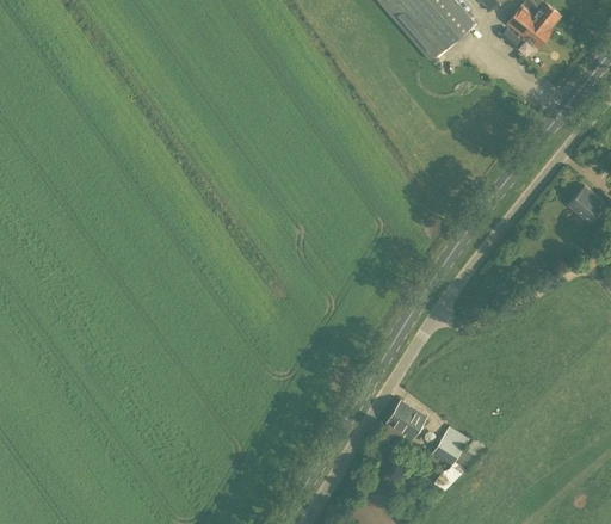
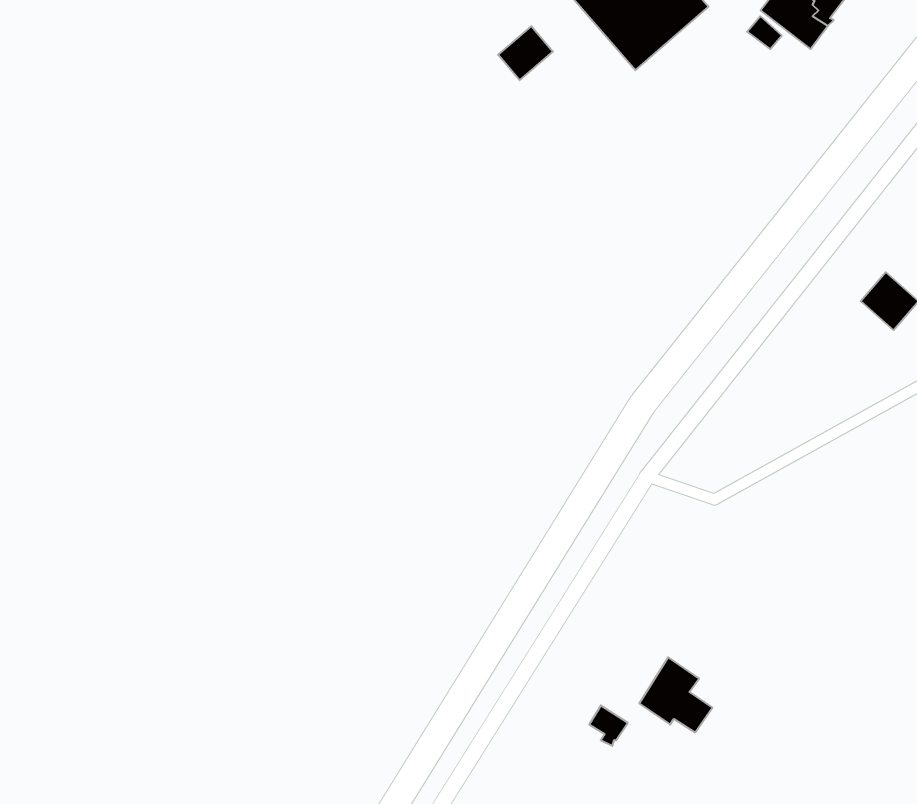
building: none -> [498,26,553,80]
building: [387,401,426,445] -> none

